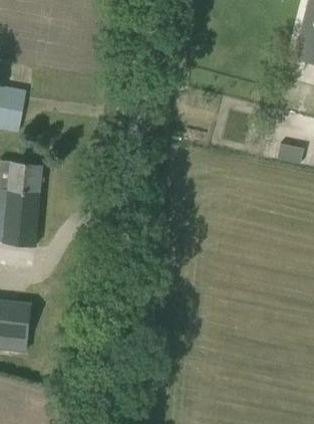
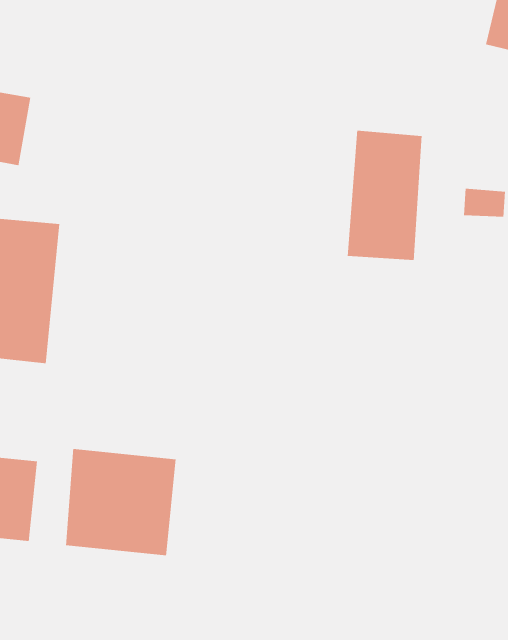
building: none -> [347,130,422,261]
building: none -> [65,448,176,556]

